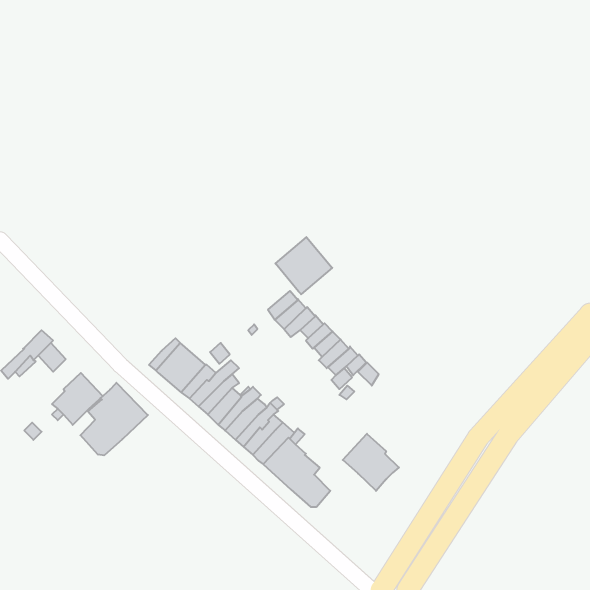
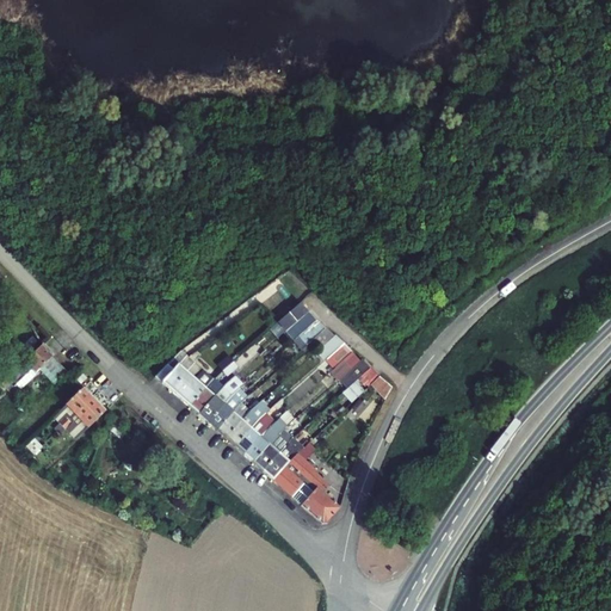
building: [275,237,332,294] -> none
building: [80,383,148,455] -> none
building: [343,434,399,491] -> none

